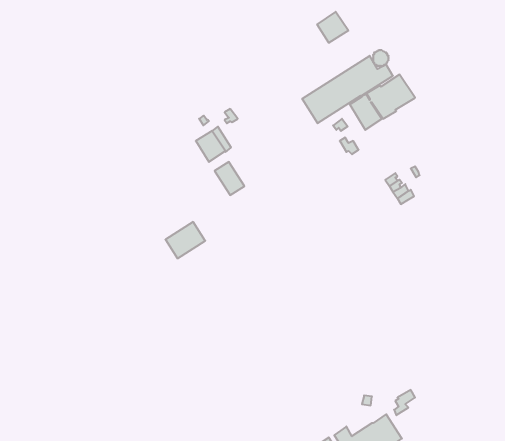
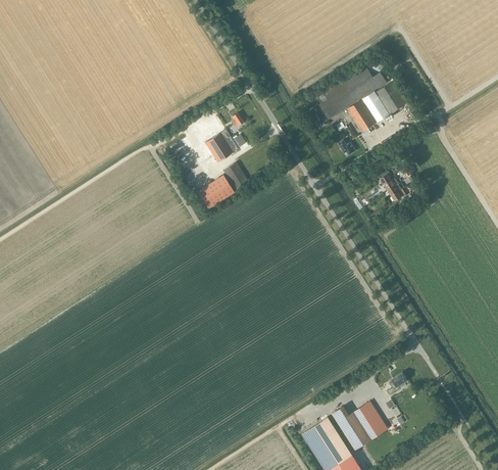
building: [317,12,348,43] -> none
building: [165,222,205,258] -> [196,176,233,209]

